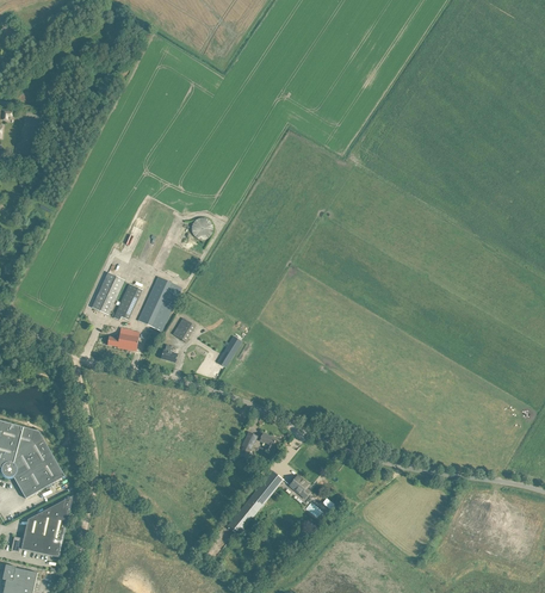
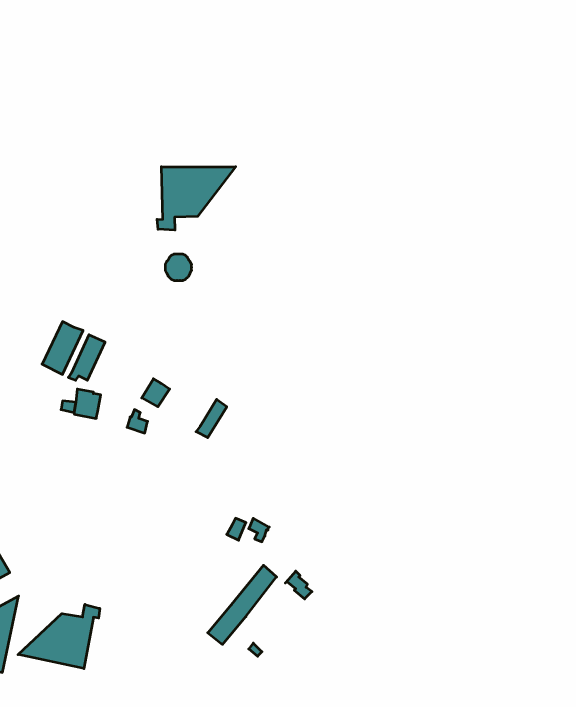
building: none -> [157,167,236,230]
building: [137,276,181,332] -> none
building: none -> [18,604,100,669]

